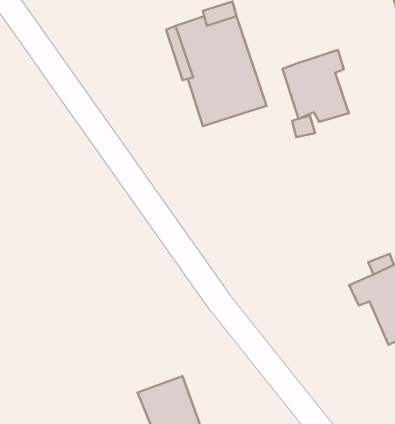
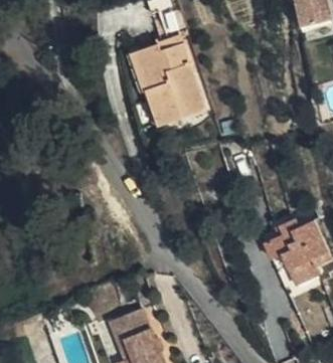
building: [283,50,349,122] -> none

